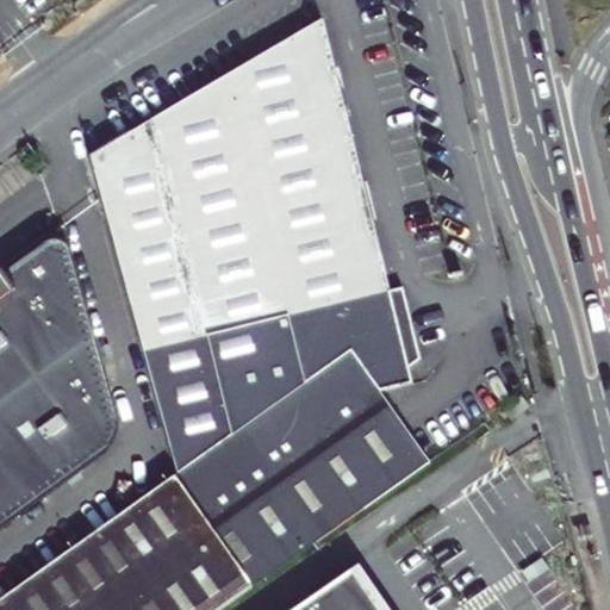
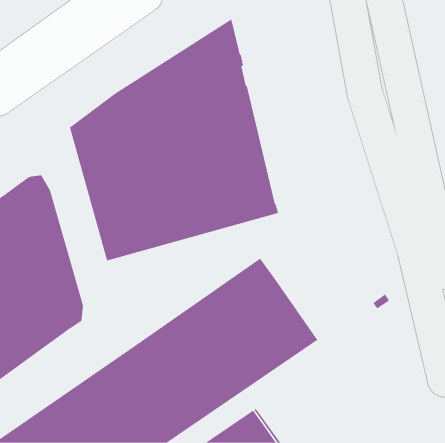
building: [145,287,409,473] -> none

